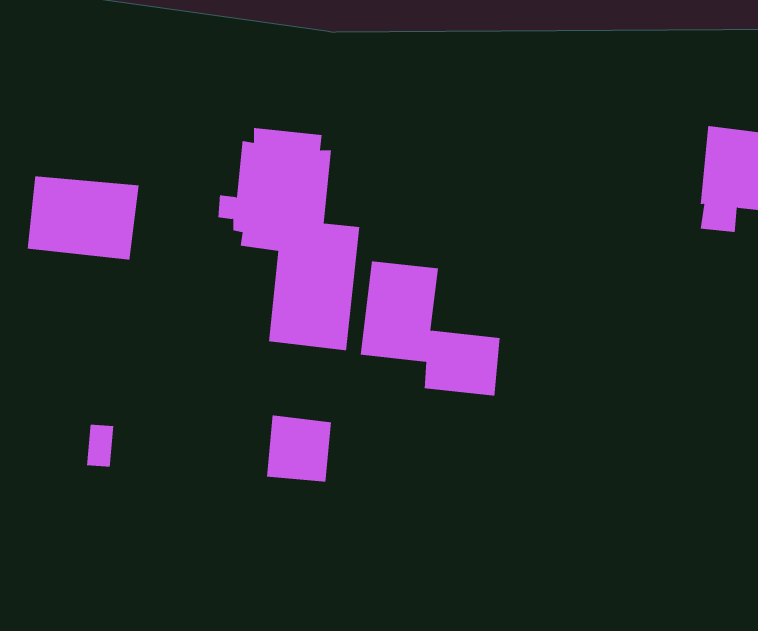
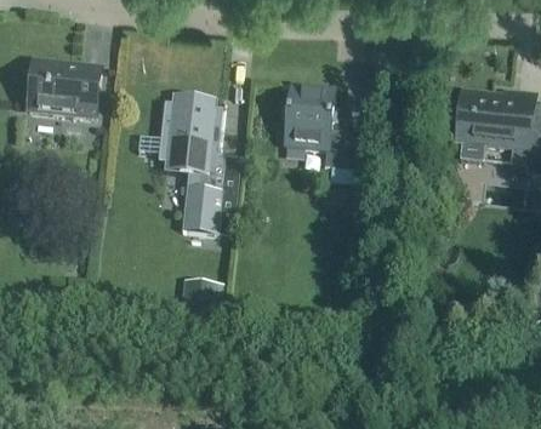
building: [27,176,140,260] -> [28,64,101,119]
building: [360,261,501,396] -> [284,87,375,175]

